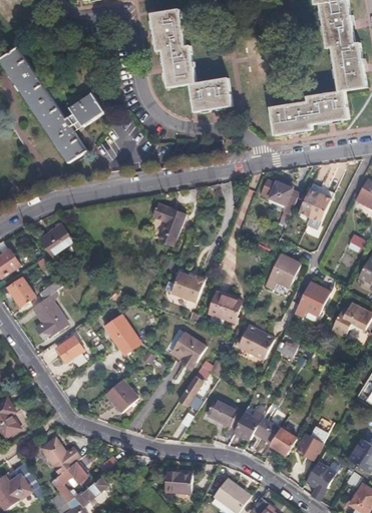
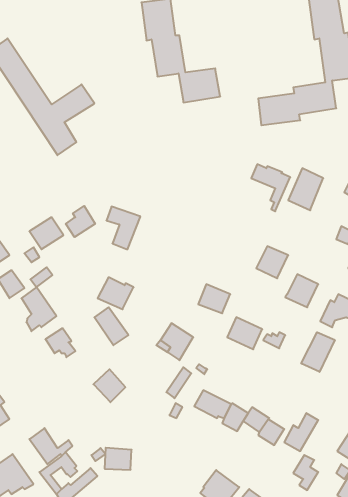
building: [150,203,184,246] -> [106,207,140,249]
building: none -> [66,206,95,237]
building: [166,271,203,303] -> [98,277,134,309]
building: none -> [301,332,335,372]
building: [163,471,191,493] -> [105,448,132,470]

